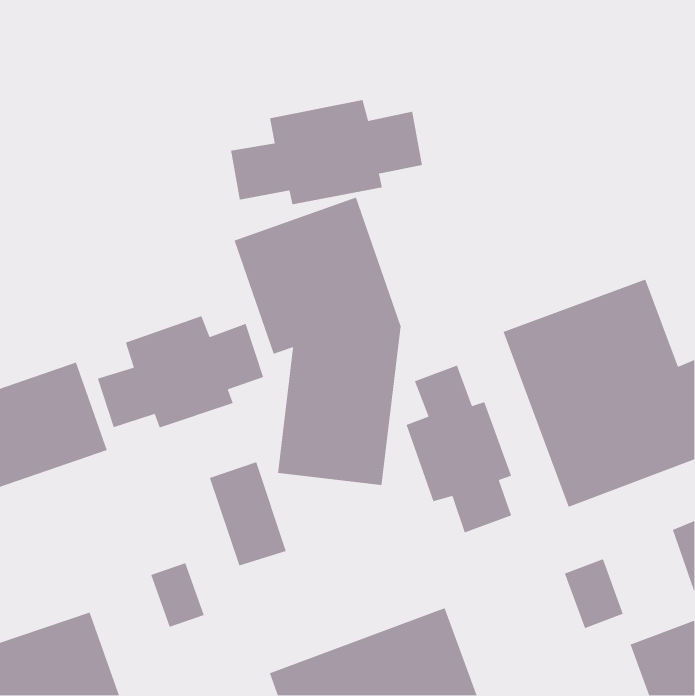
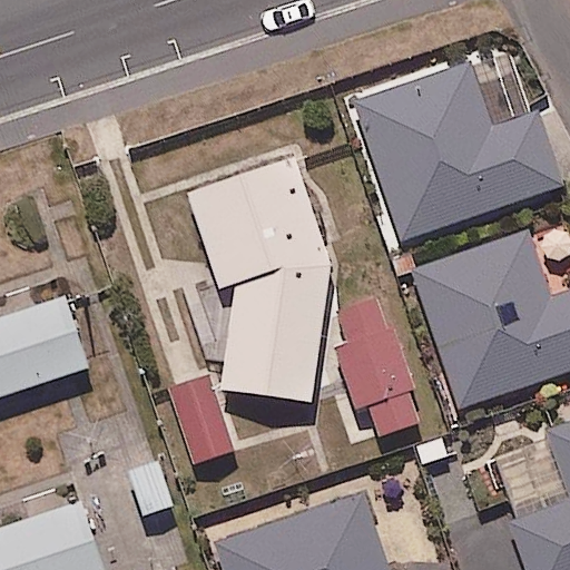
building: none -> [350,57,561,244]
building: [230,99,423,205] -> none
building: [97,315,264,429] -> none

